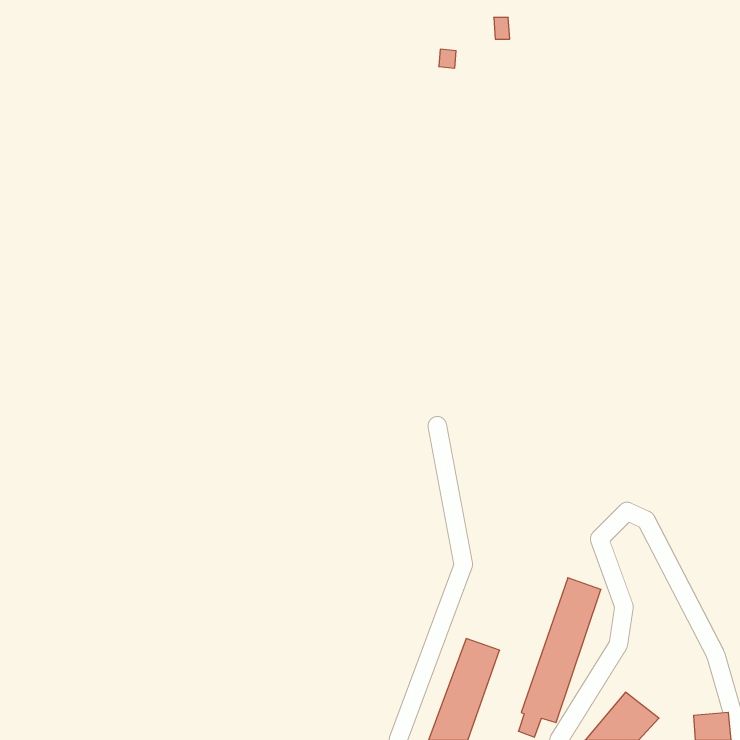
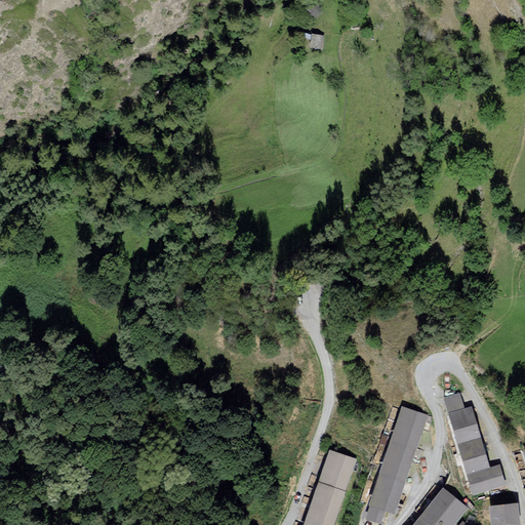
building: none -> [444,394,503,493]

